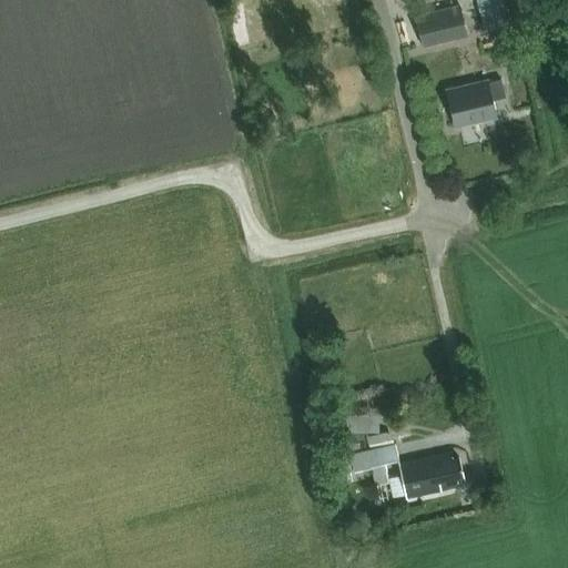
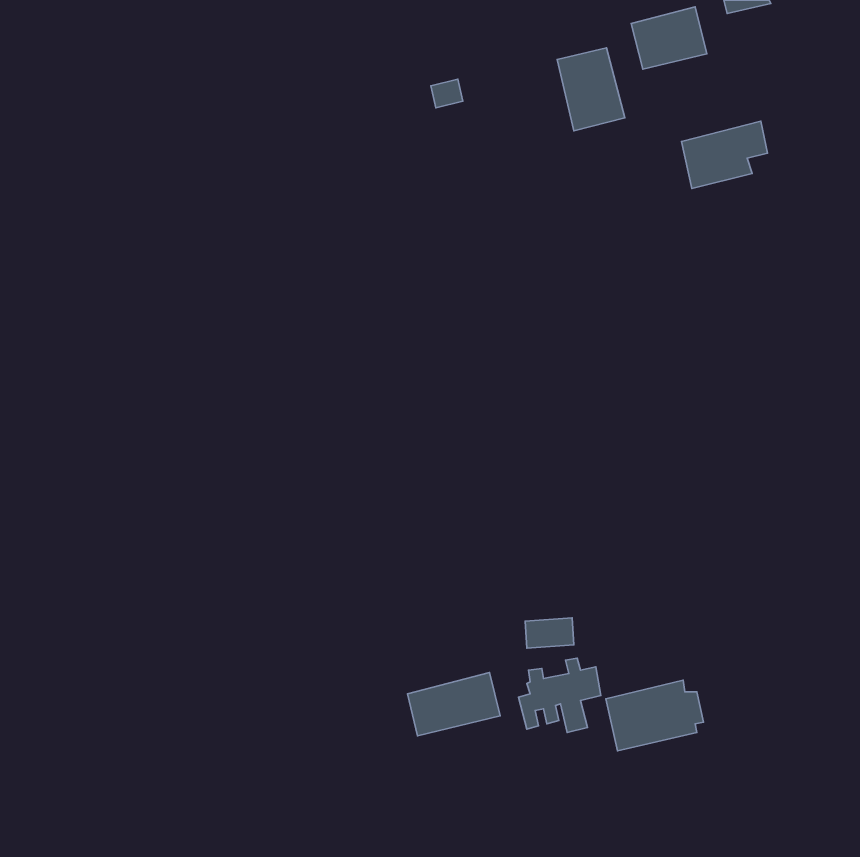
building: none -> [557,48,625,131]
building: none -> [407,672,500,736]

